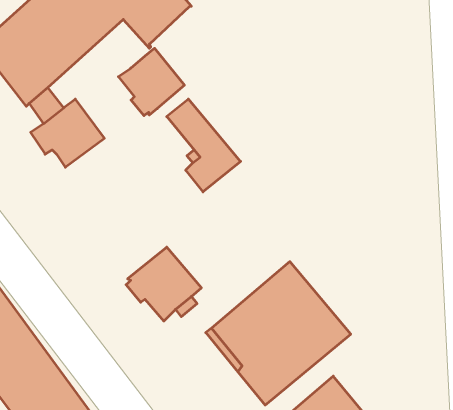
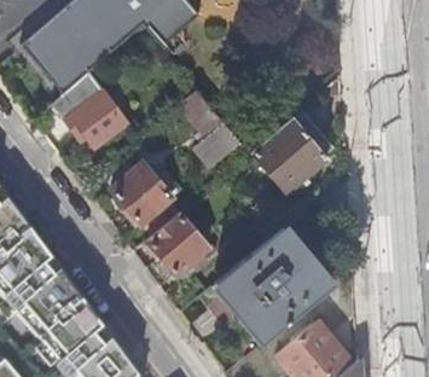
building: [118,48,184,116] -> none
building: none -> [253,116,326,191]
building: none -> [111,162,179,233]

